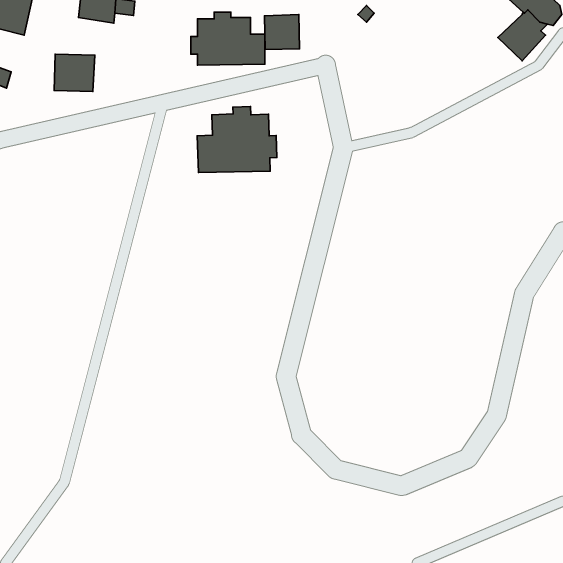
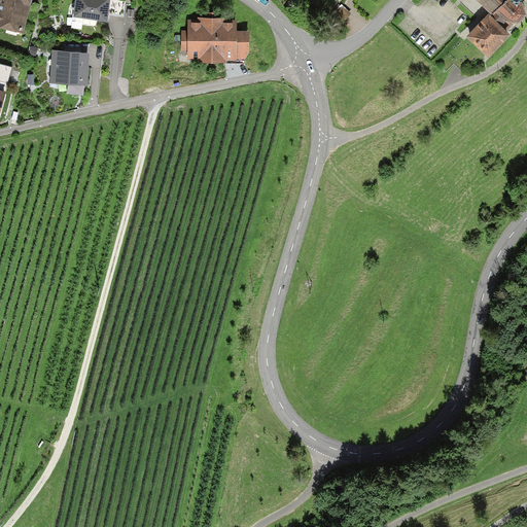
building: [265,14,299,49] -> none
building: [197,107,277,172] -> none

